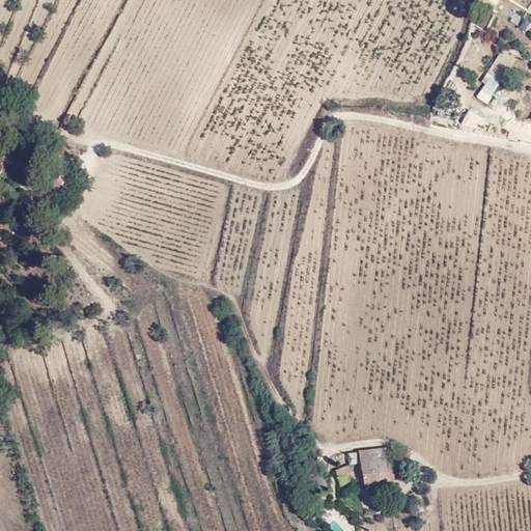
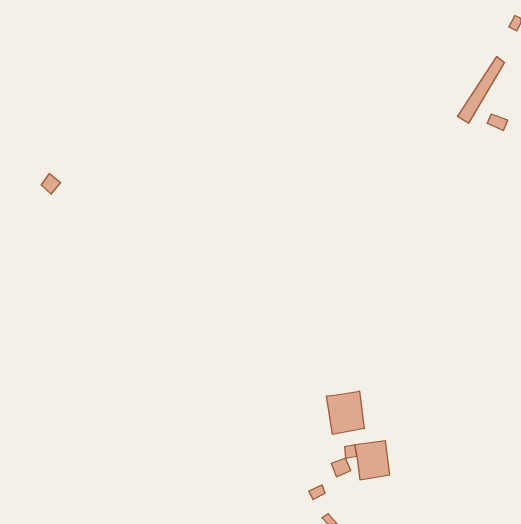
building: none -> [327,391,364,434]

